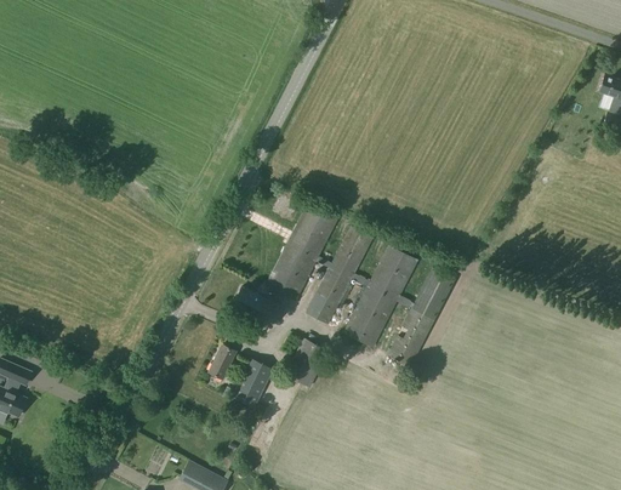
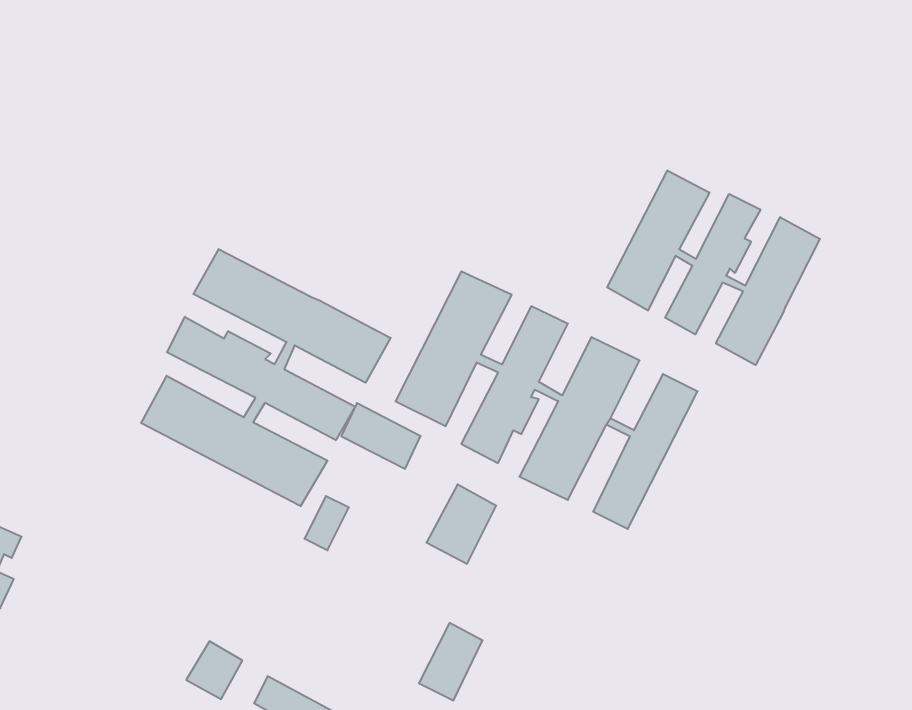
building: none -> [607,170,820,365]
building: none -> [141,249,391,506]
building: [232,360,272,409] -> [419,623,483,700]

